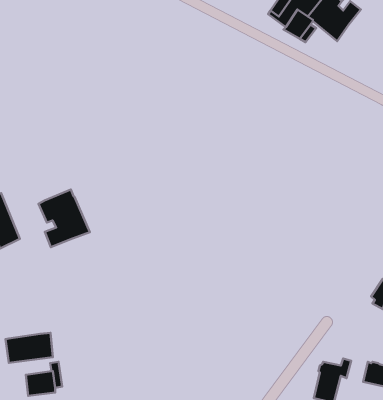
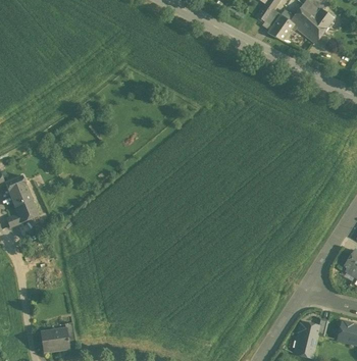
building: [39,190,90,247] -> none
building: [6,333,53,363] -> none

